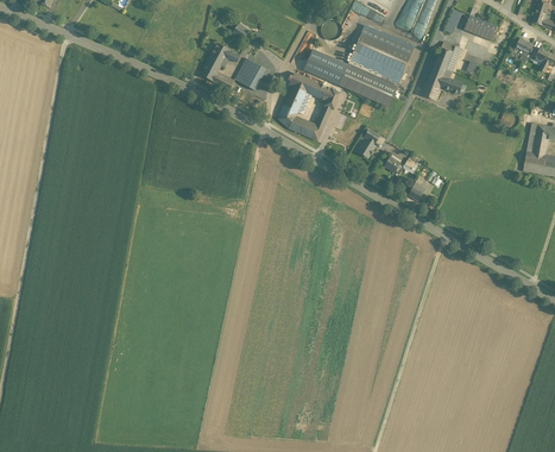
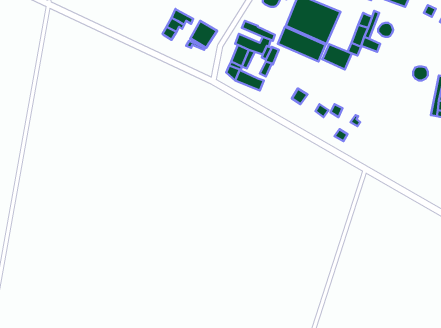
building: none -> [322,44,352,70]

